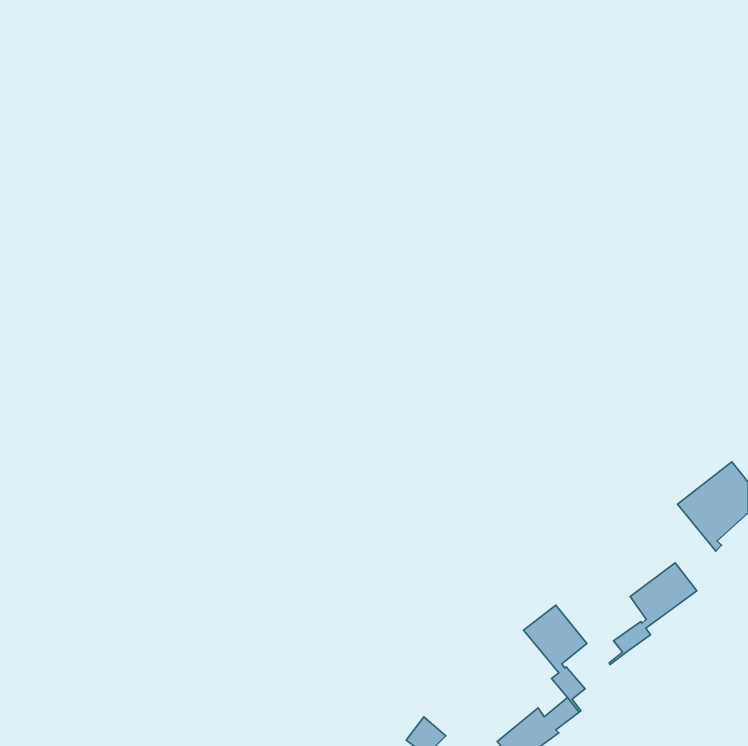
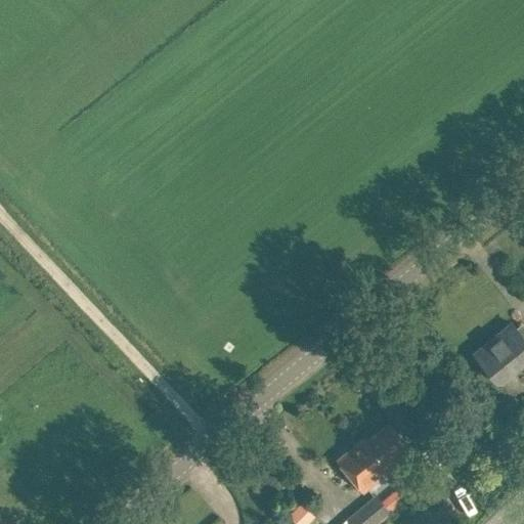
building: [609,563,697,664] -> none
building: none -> [336,439,390,494]

